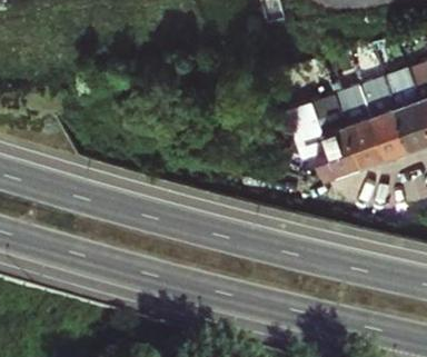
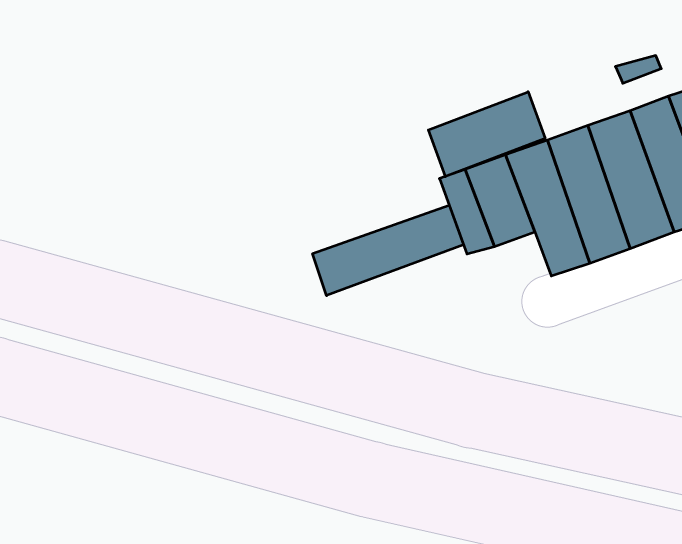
building: none -> [428,92,545,177]
building: none -> [313,205,464,296]

